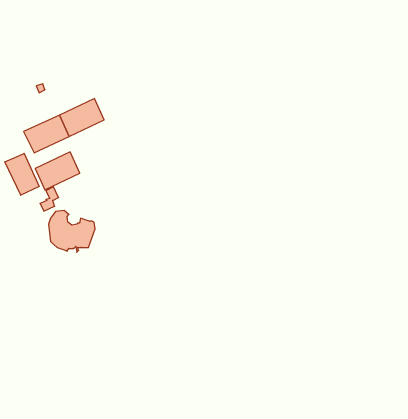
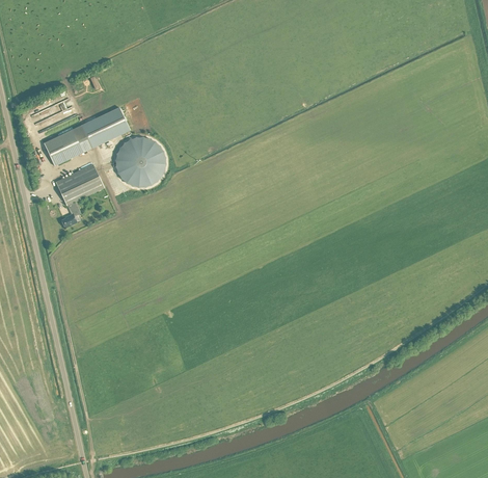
building: [5,153,39,195] -> none
building: [49,211,95,252] -> [118,142,168,187]

